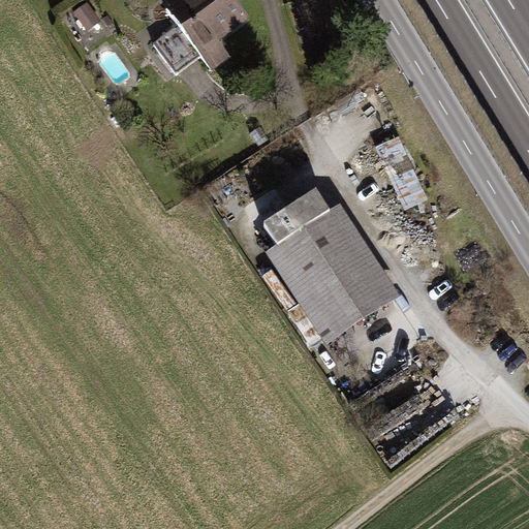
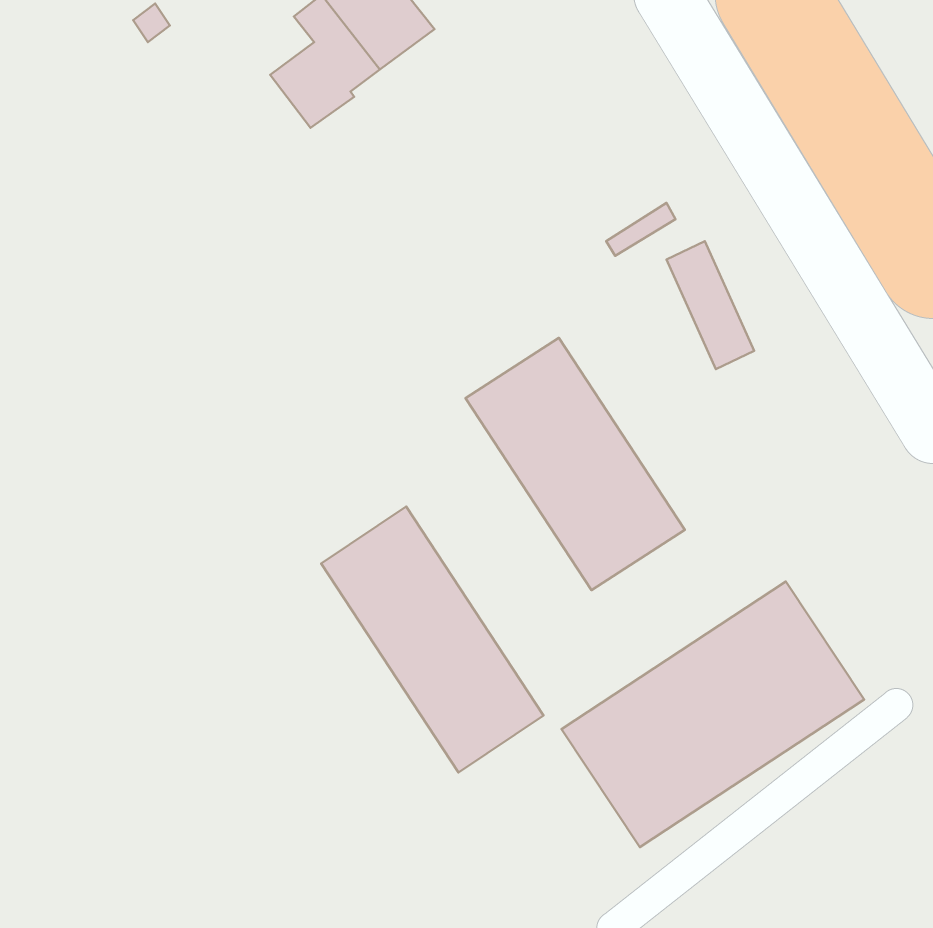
building: none -> [321,507,543,773]
building: none -> [561,582,864,847]

